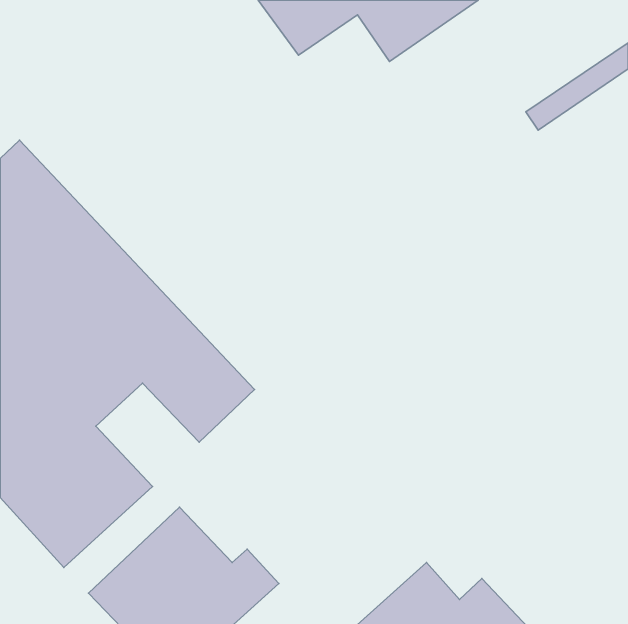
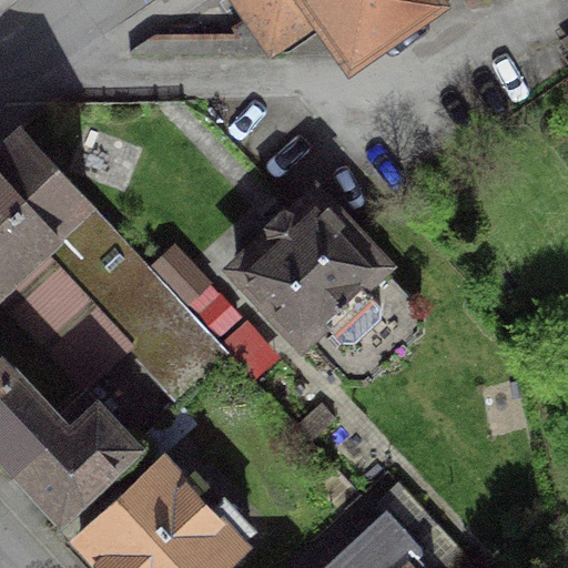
building: none -> [235,194,416,377]

